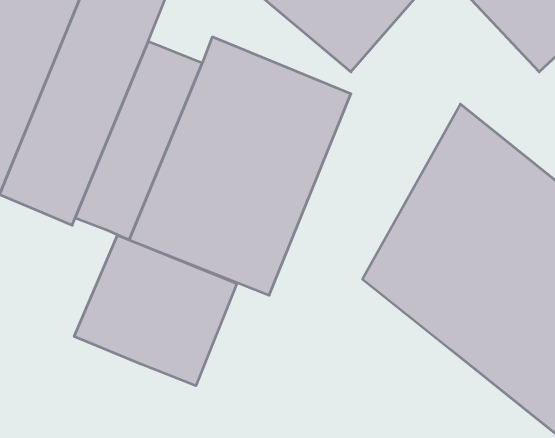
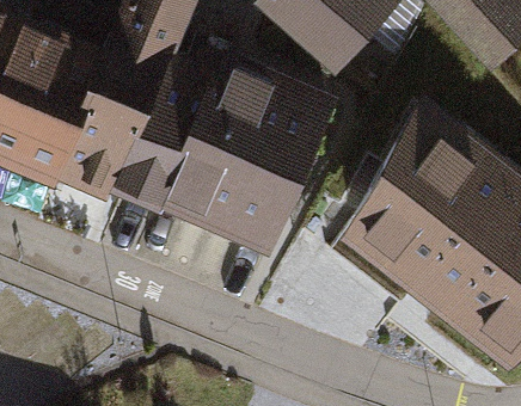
building: [74,235,237,386] -> none

